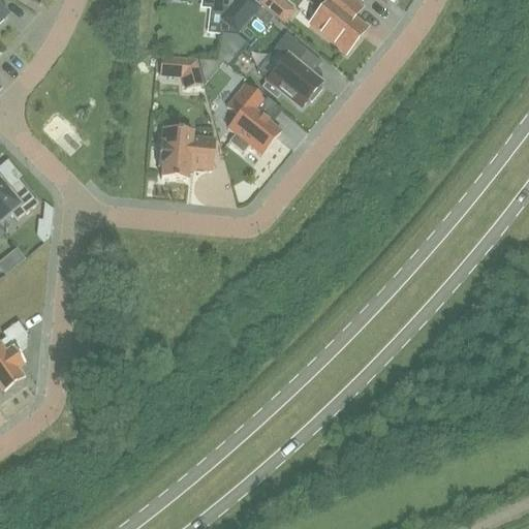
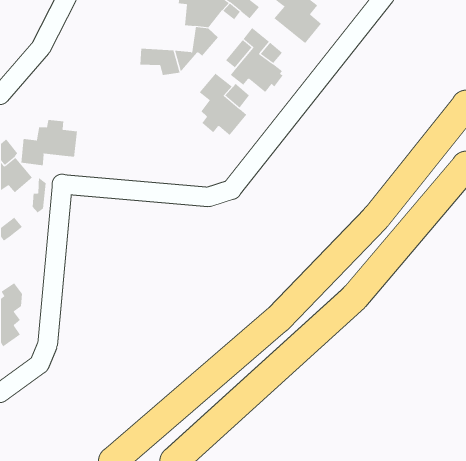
building: [157,127,214,180] -> none
building: none -> [21,119,78,166]

